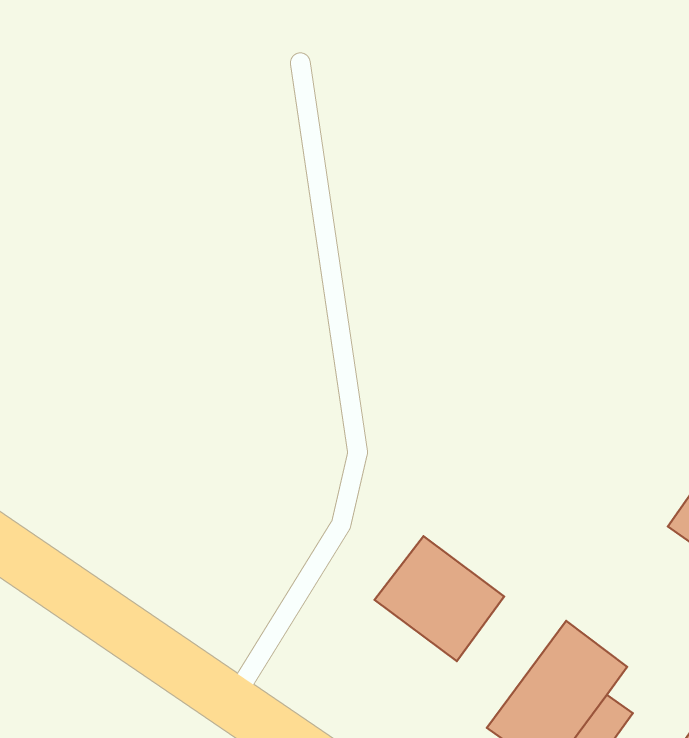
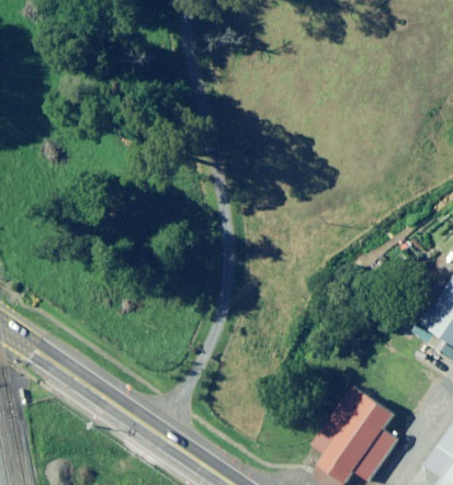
building: [374,536,504,661] -> none

